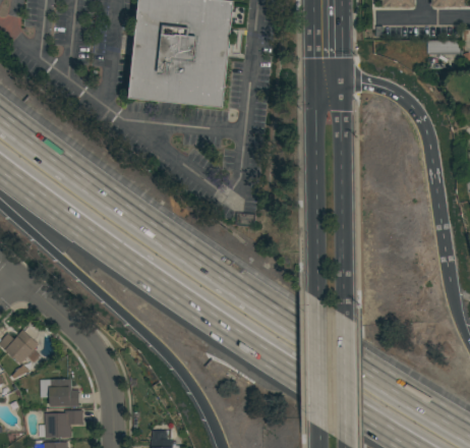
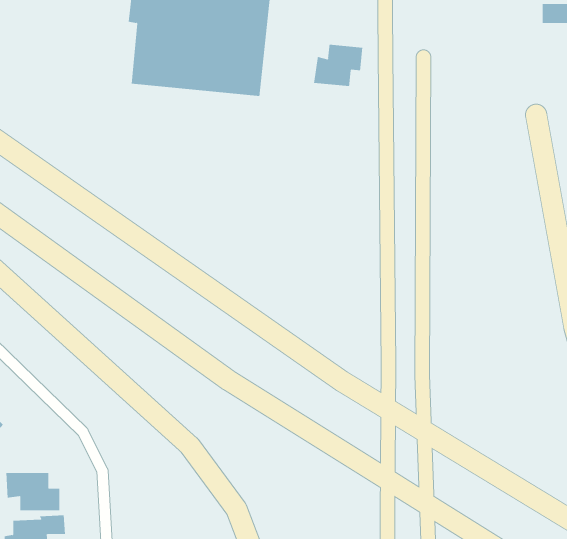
building: none -> [314,44,363,87]

